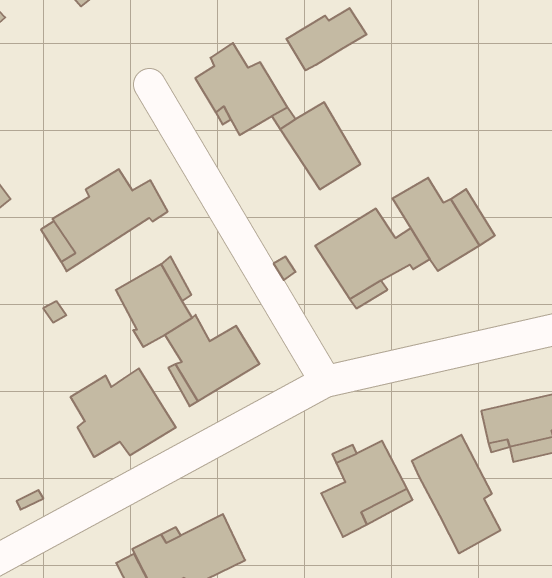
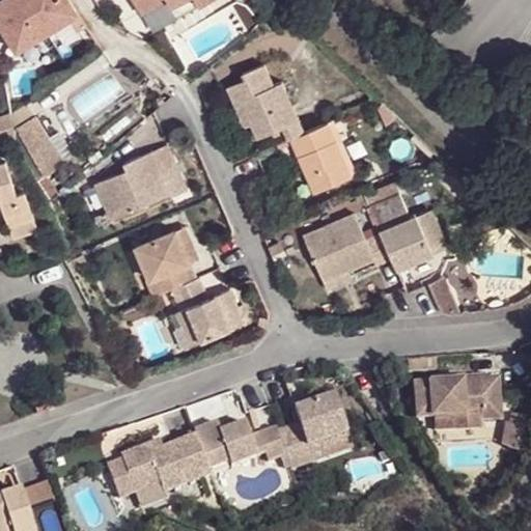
building: [286,8,367,70] -> none
building: [71,368,176,457] -> none
building: [412,435,500,553] -> none
building: none -> [194,425,289,471]

